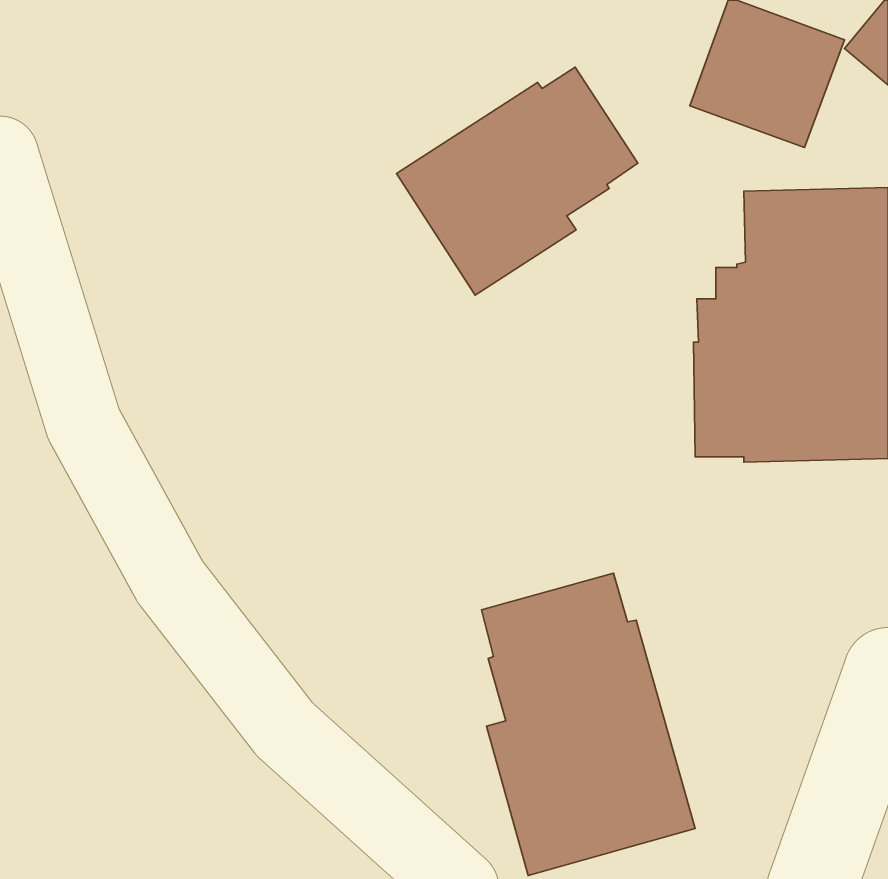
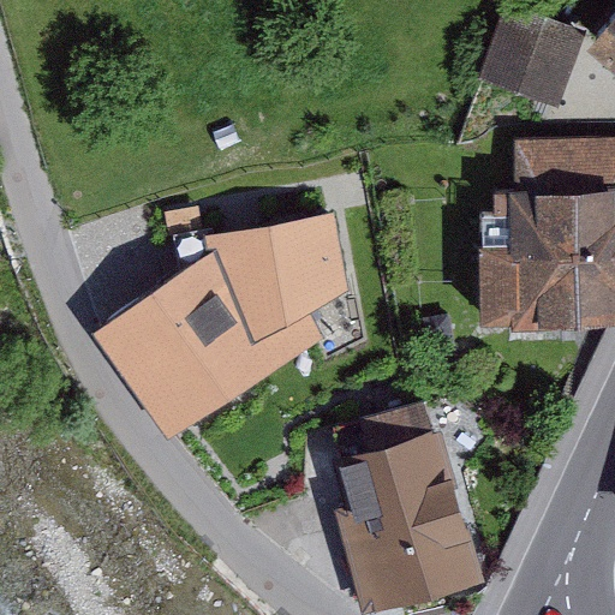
building: [396,67,638,295] -> none
building: none -> [101,222,351,443]

